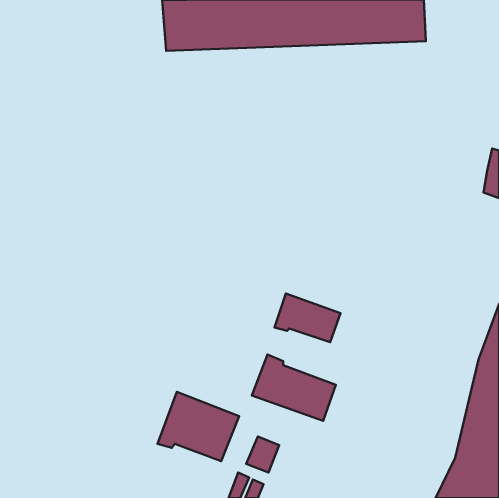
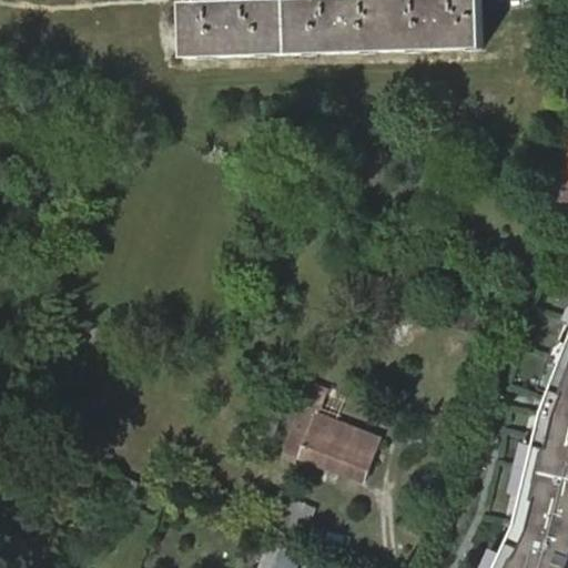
building: [275,294,341,342] -> none
building: [157,392,239,461] -> none

